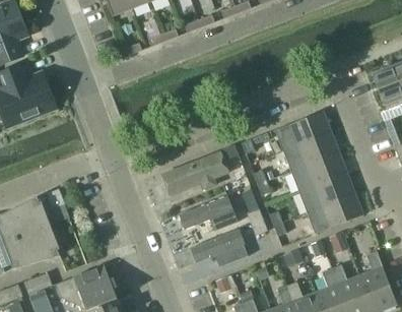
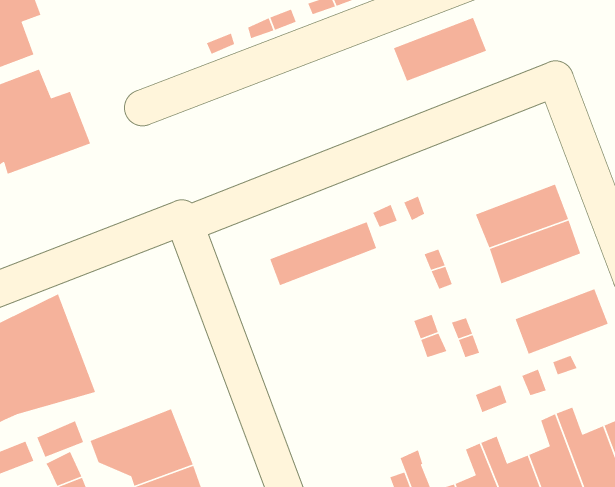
building: [275,111,331,149] -> [393,17,487,82]
building: [298,173,354,211] -> none
building: [180,197,231,226] -> none
building: [192,230,246,263] -> none

